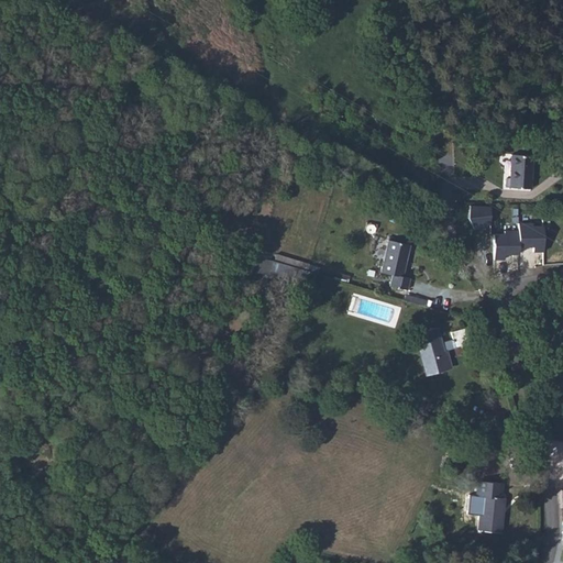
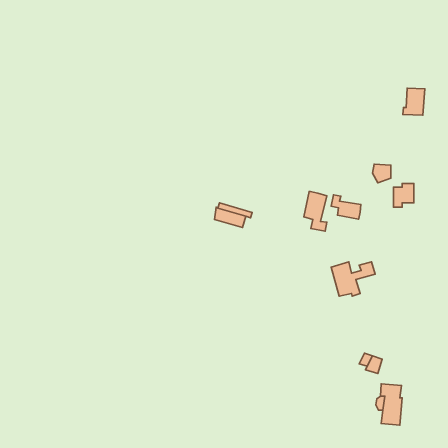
building: [506,155,533,189] -> [403,88,425,115]
building: [518,224,544,253] -> none
building: none -> [331,195,361,219]

